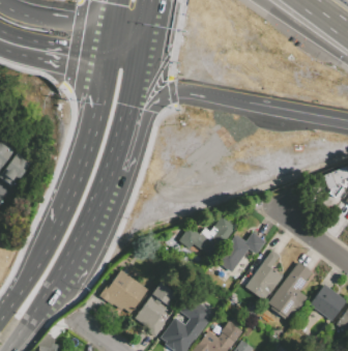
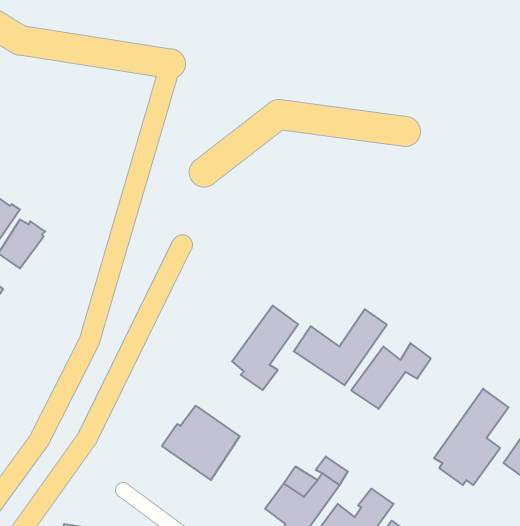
building: [245,251,283,301] -> none
building: [136,283,176,334] -> [232,306,298,390]

